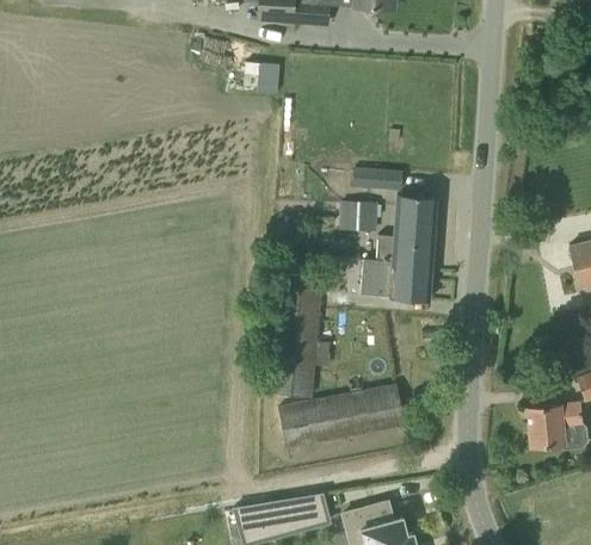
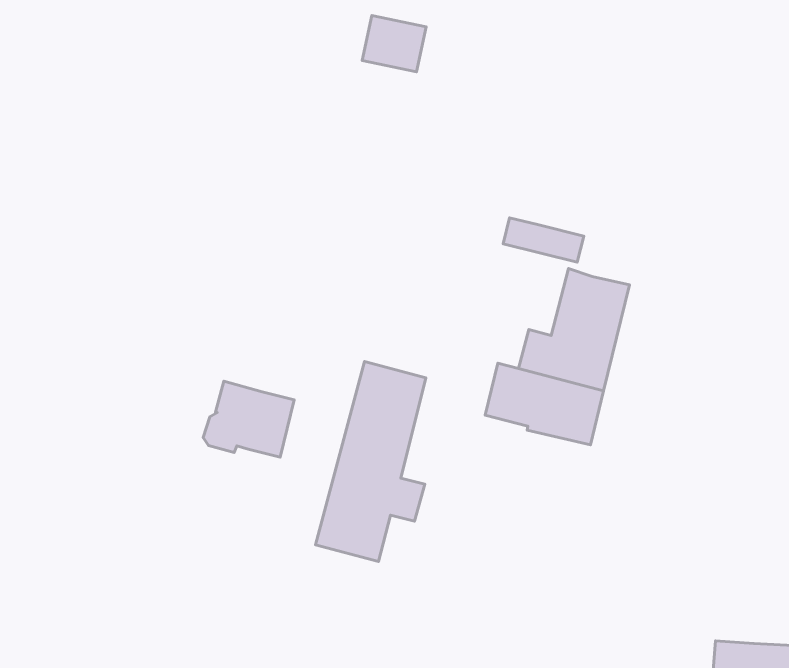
building: [338,202,377,230] -> none
building: none -> [203,381,294,457]
building: [278,385,404,446] -> none

